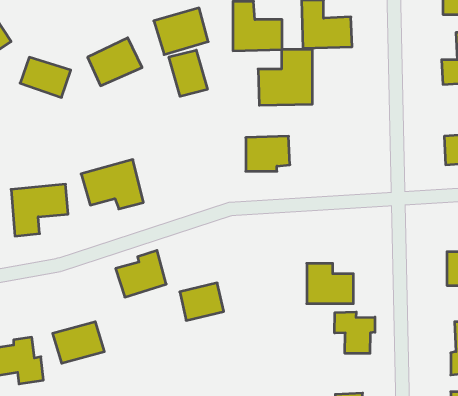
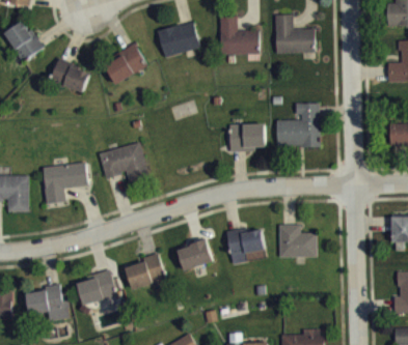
building: [258,50,312,105] -> [276,103,320,147]
building: [169,50,207,96] -> none
building: [116,250,166,297] -> [125,253,165,290]
building: none -> [226,226,265,264]
building: [335,312,375,353] -> none

